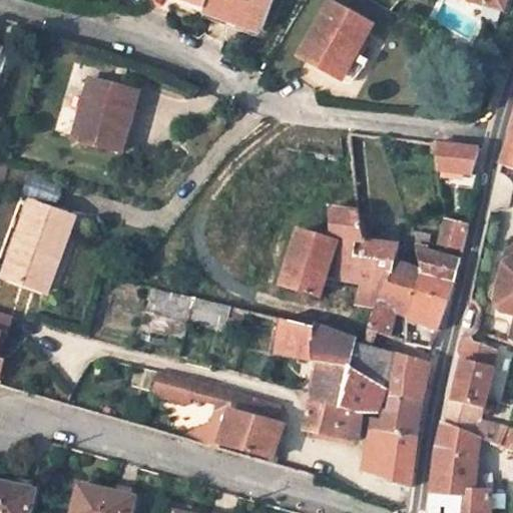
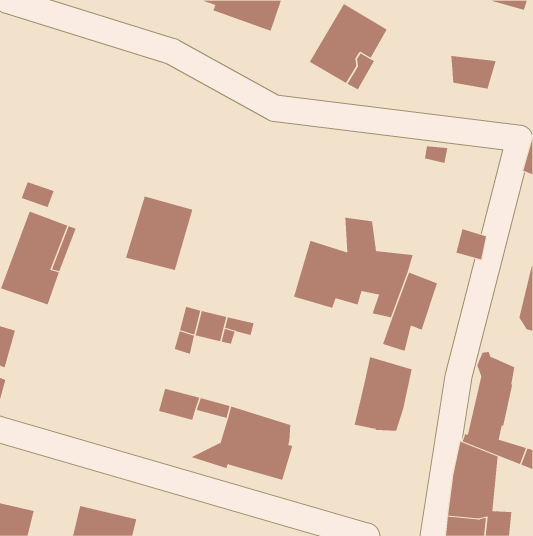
building: [71,79,136,150] -> [125,196,193,270]
building: [433,141,477,173] -> [450,56,497,89]
building: [404,244,457,329] -> none
building: [272,318,359,440] -> none
building: [360,354,430,485] -> none

